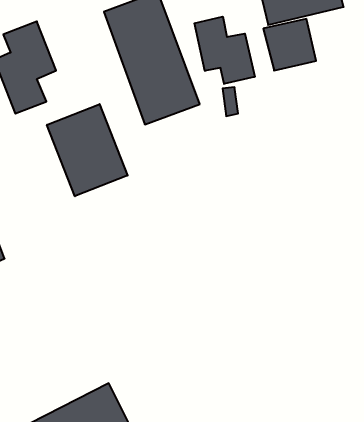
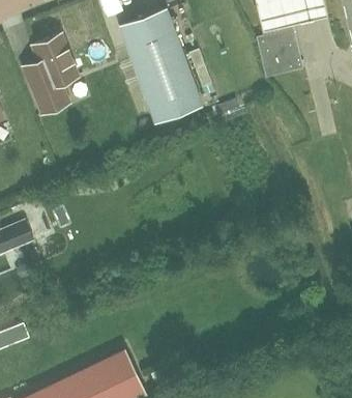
building: [194,17,255,84] -> none
building: [47,104,128,196] -> none

